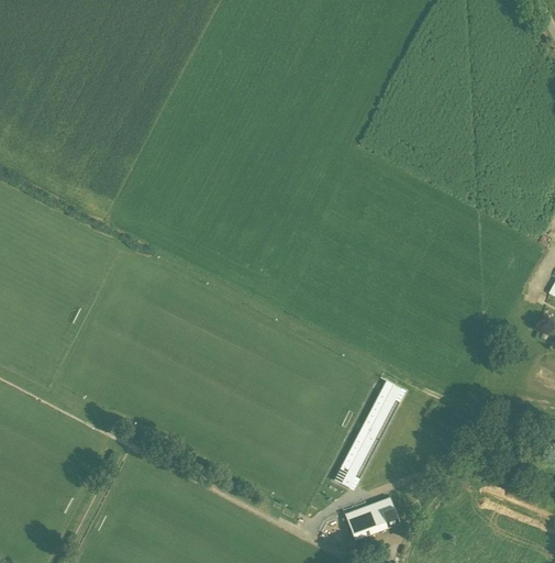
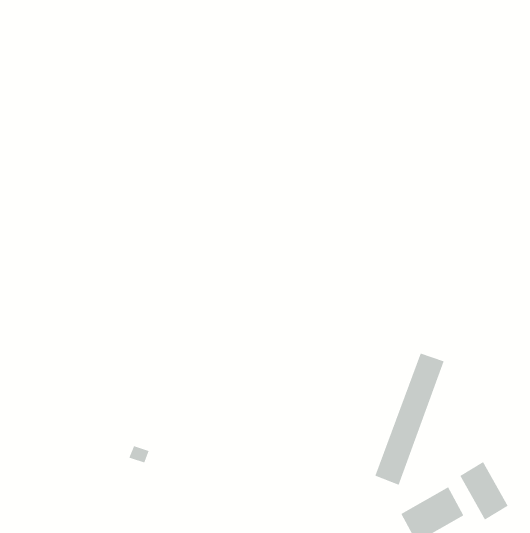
building: none -> [459,461,509,520]

